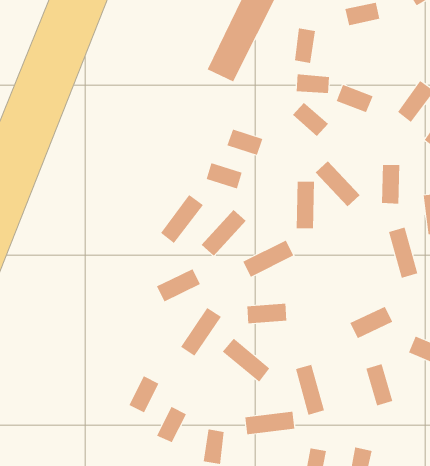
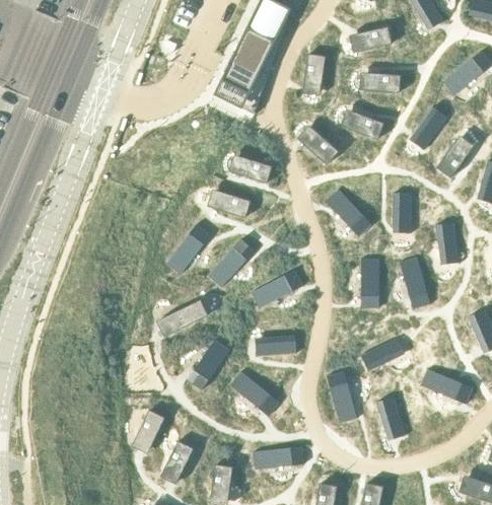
building: [296,74,330,94] -> [366,72,401,92]
building: [296,181,315,229] -> [360,259,379,307]
building: [295,364,325,416] -> [327,370,357,423]

